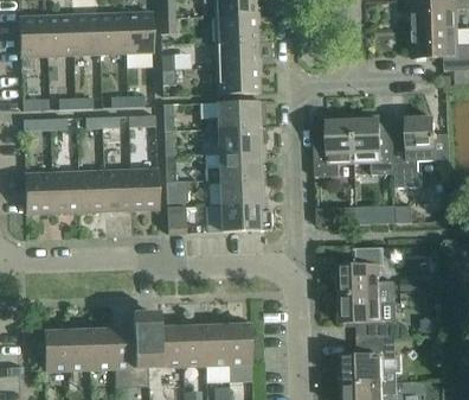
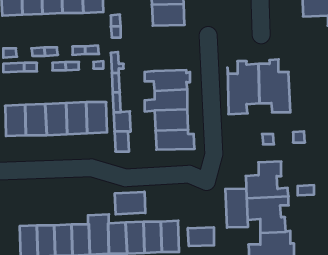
building: [217,68,259,94] -> none
building: [217,100,265,128] -> none
building: [393,112,436,182] -> none
building: none -> [225,189,248,228]
building: none -> [115,192,145,214]
building: none -> [188,227,214,246]

